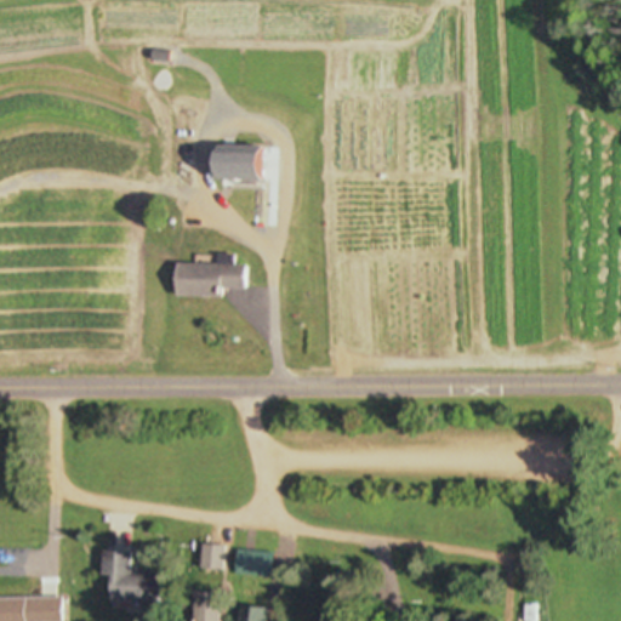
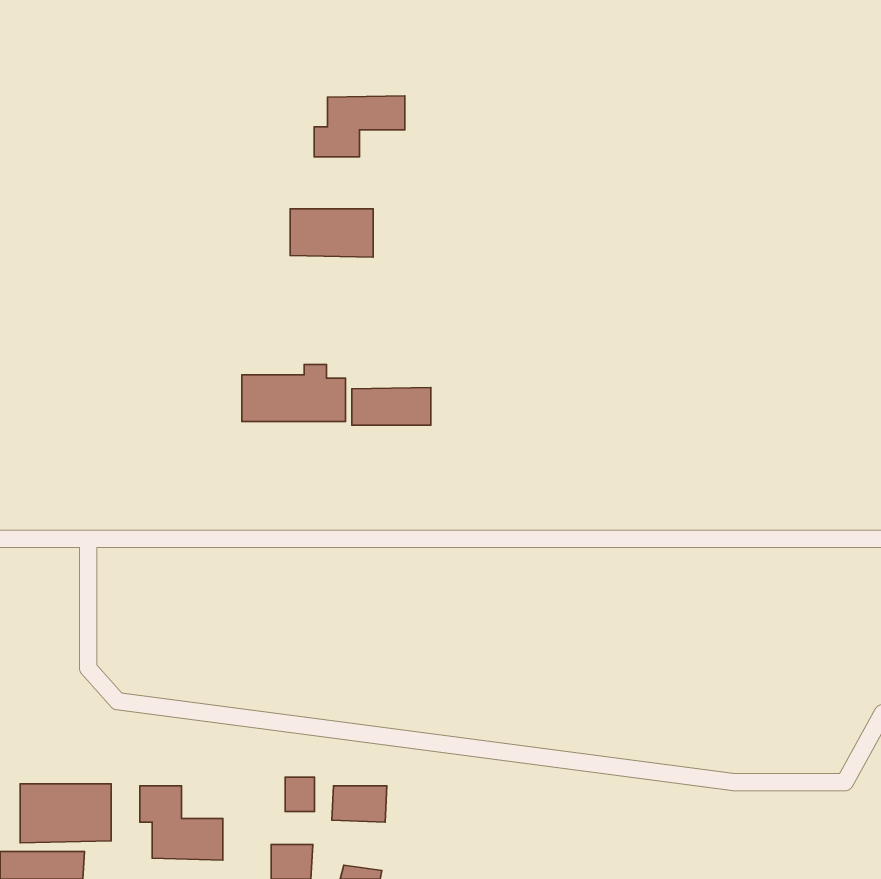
building: none -> [314,96,405,157]
building: none -> [352,388,431,425]
building: none -> [20,784,111,843]

